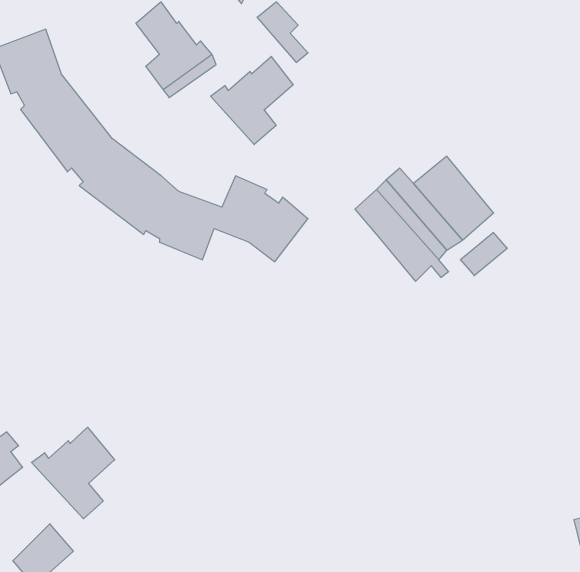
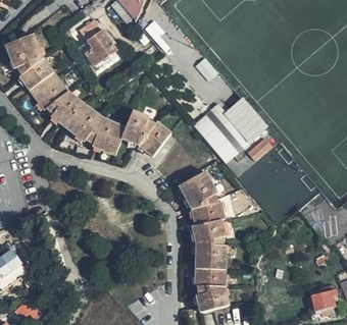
building: [211,56,293,145] -> none
building: none -> [179,171,228,312]
building: [31,427,115,519] -> none

